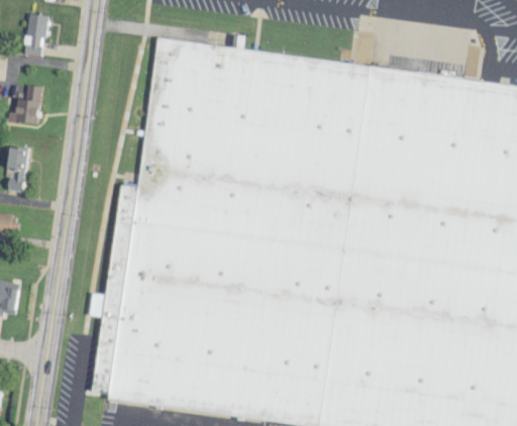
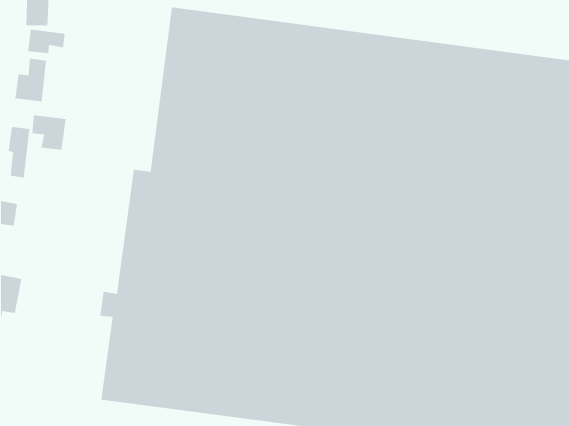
building: none -> [28,29,65,54]
building: none -> [32,115,66,151]

